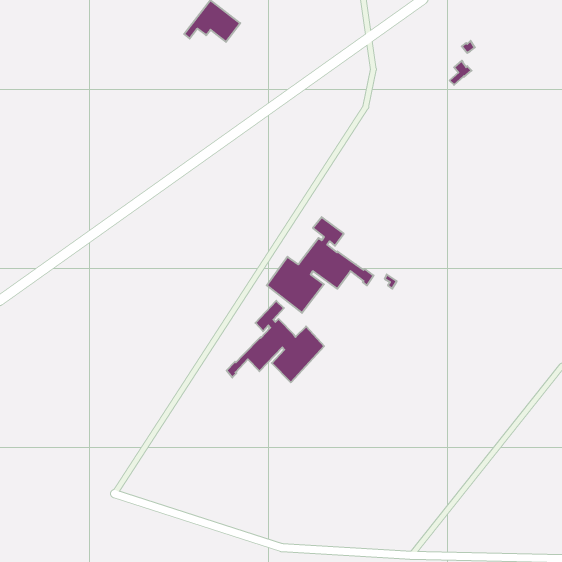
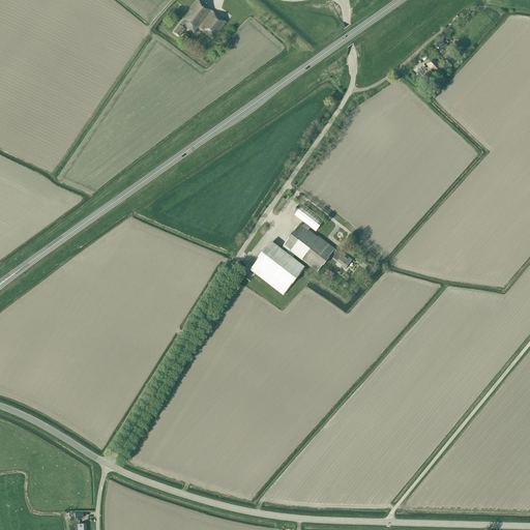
building: [227,301,324,382] -> none

